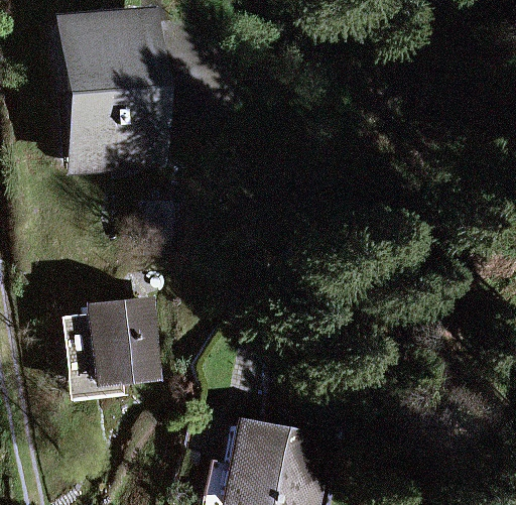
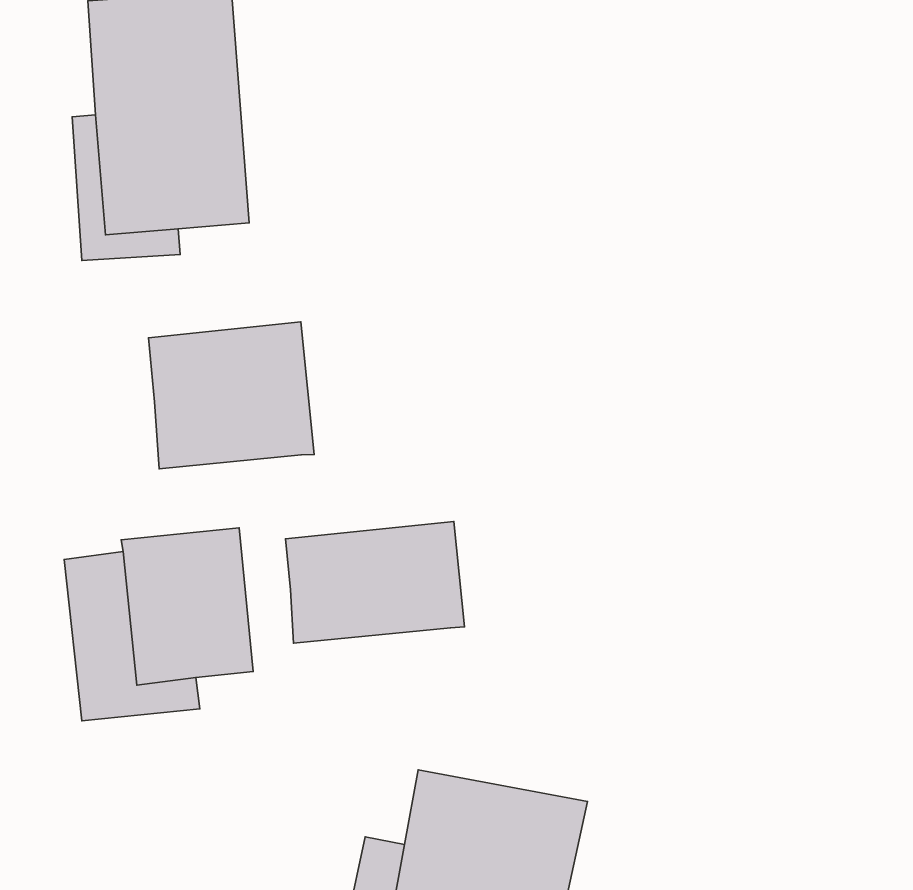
building: none -> [148,322,314,469]
building: none -> [286,521,464,643]

